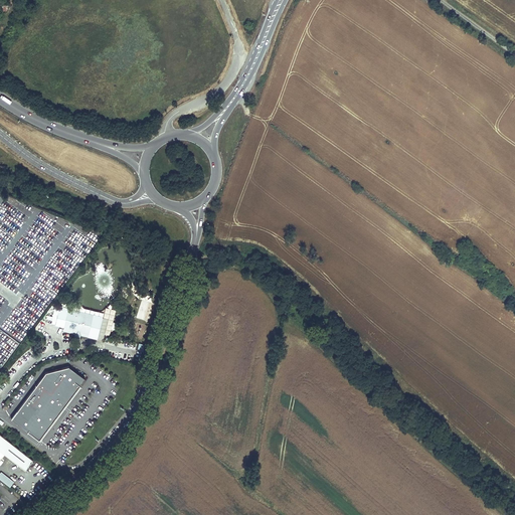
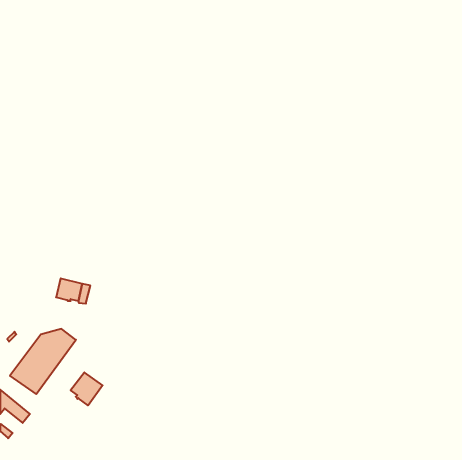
building: none -> [71,372,103,405]

